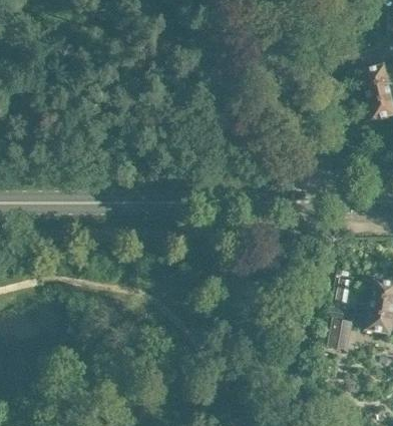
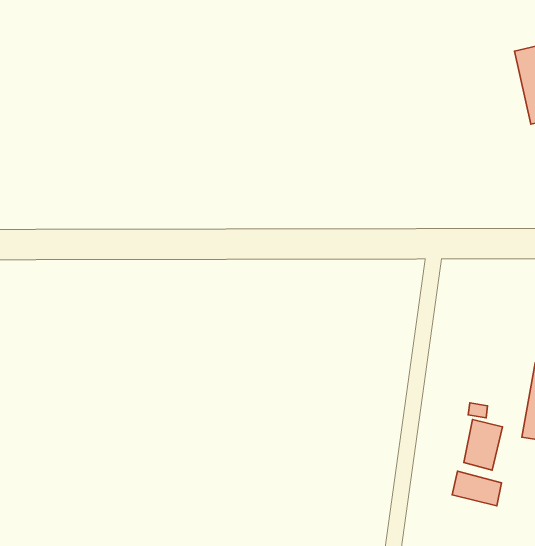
building: none -> [452,471,502,506]

